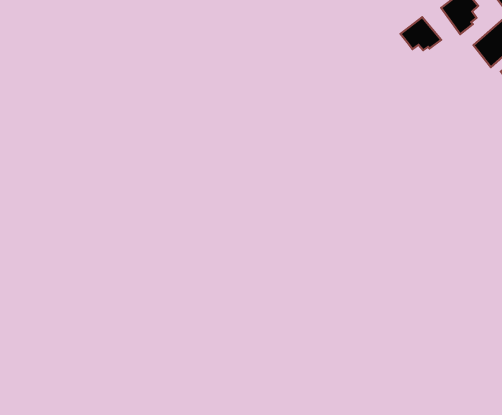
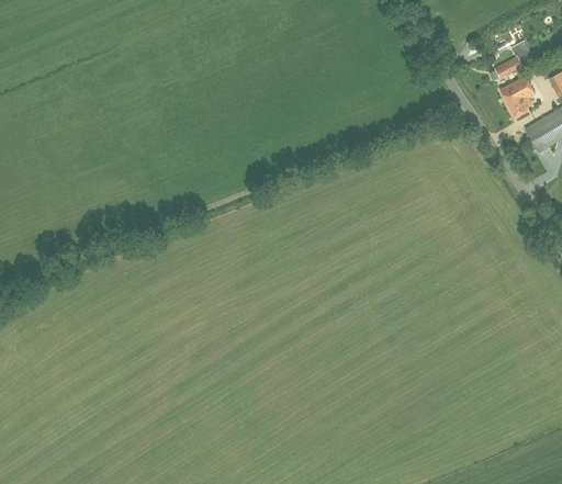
building: [401,17,441,50] -> none

